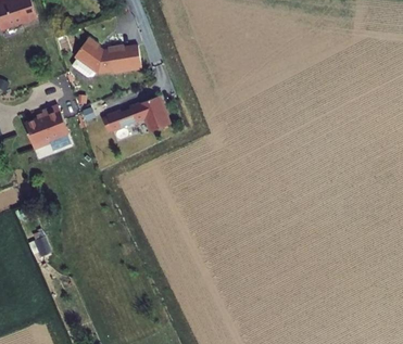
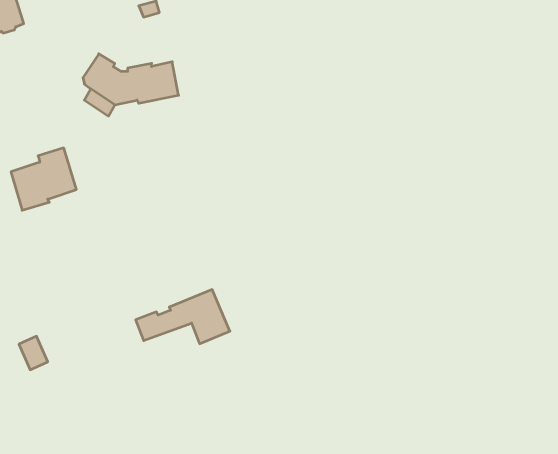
building: [103,94,167,131] -> [136,290,230,344]

